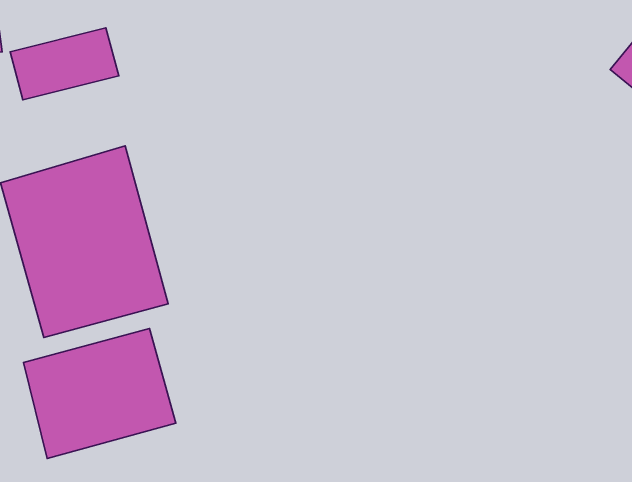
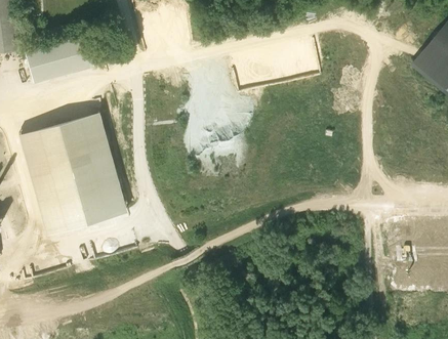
building: [23,329,176,458] -> none

